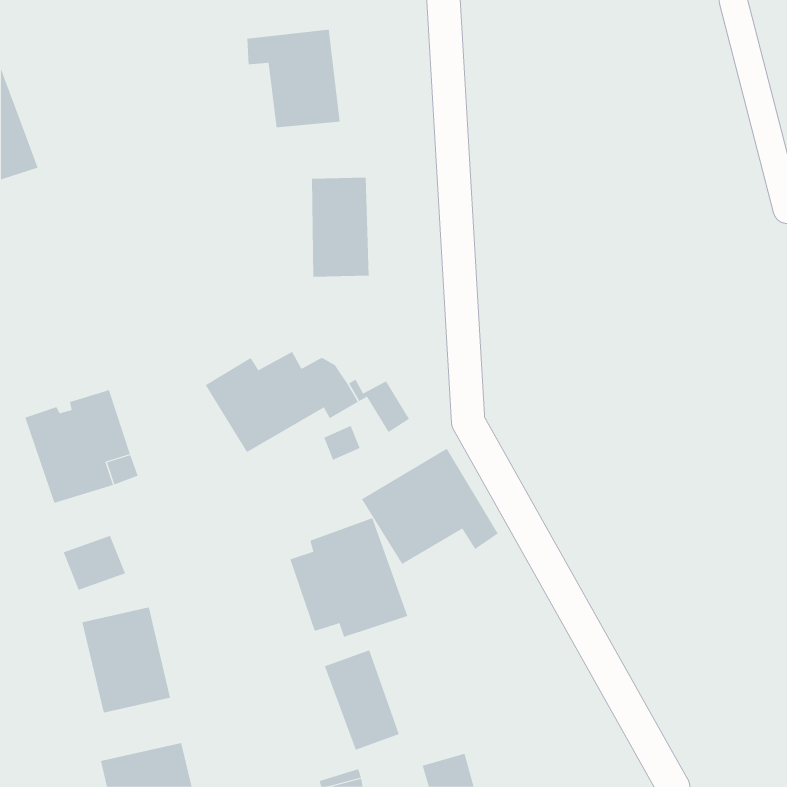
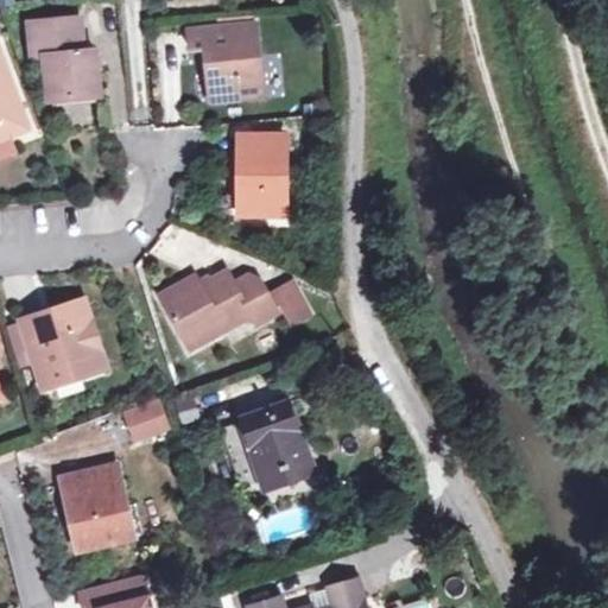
building: none -> [27,19,100,100]
building: [361,448,499,565] -> none
building: [63,535,126,591] -> [124,400,172,443]
building: [324,649,400,750] -> none

